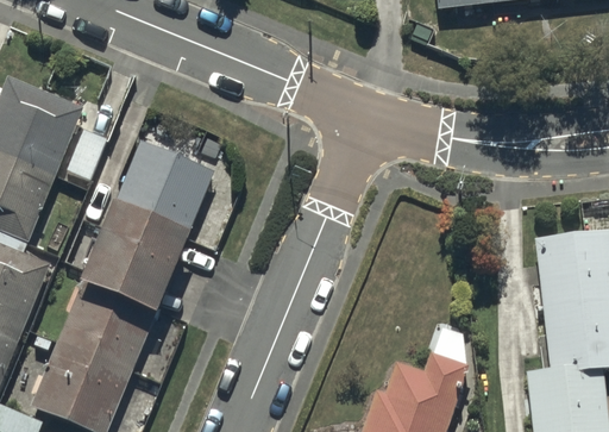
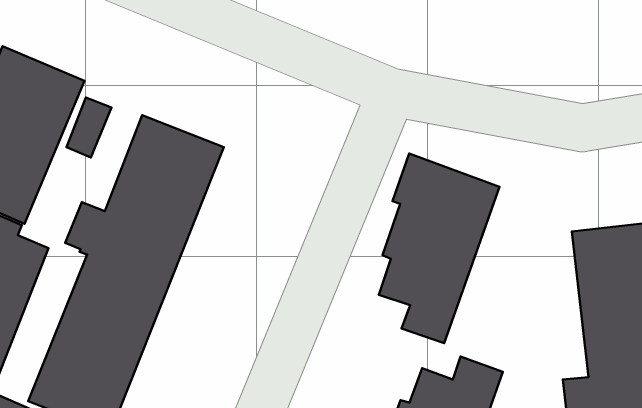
building: none -> [379,153,499,343]

